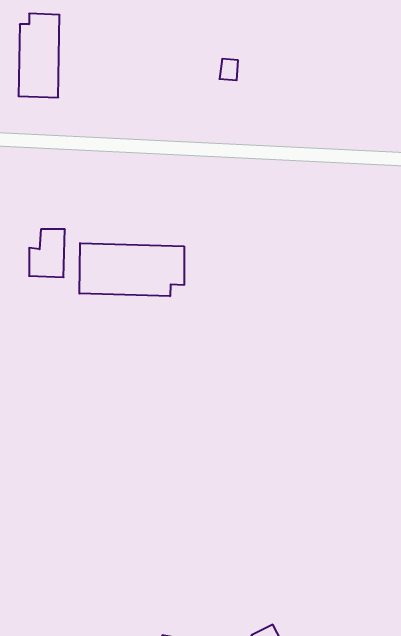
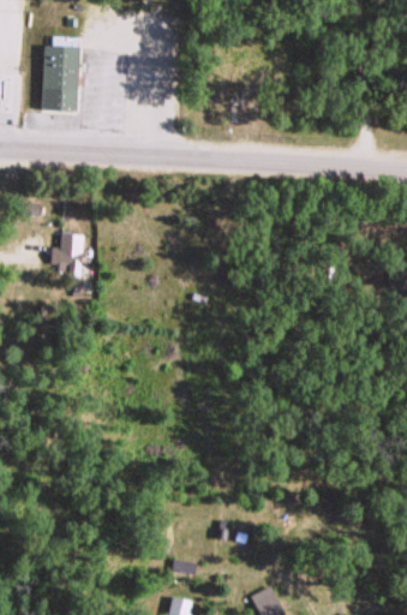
building: [79,243,184,296] -> none

